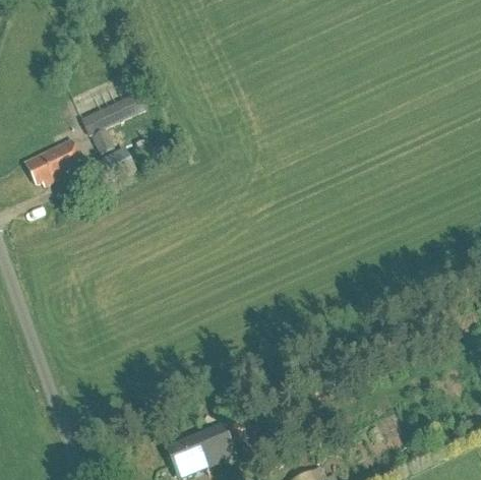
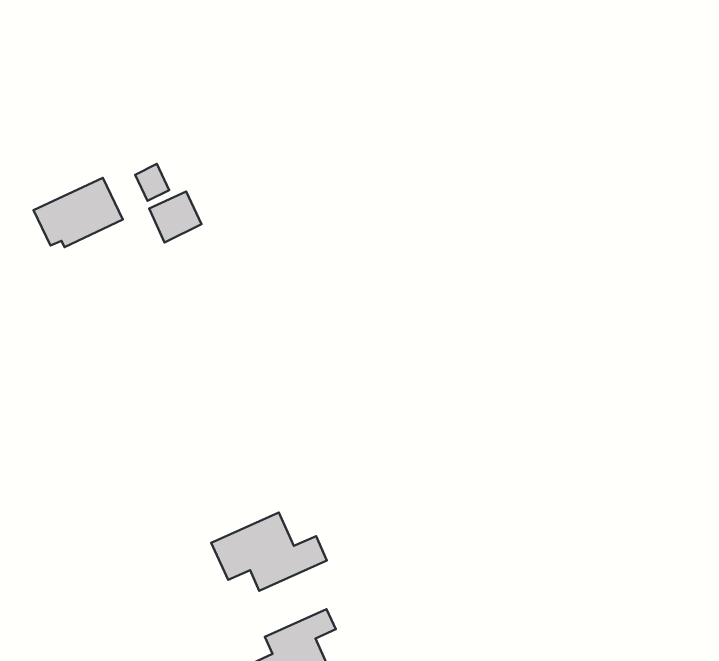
building: [81,92,147,135] -> none
building: none -> [211,512,327,591]

